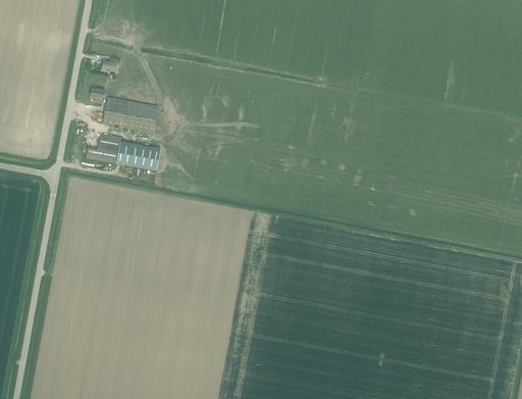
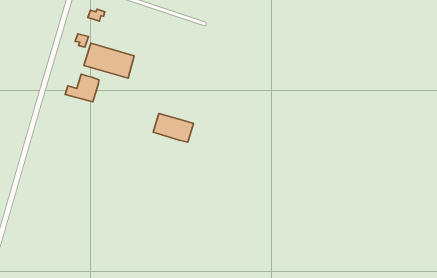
building: [115,140,159,168] -> [153,114,194,142]

